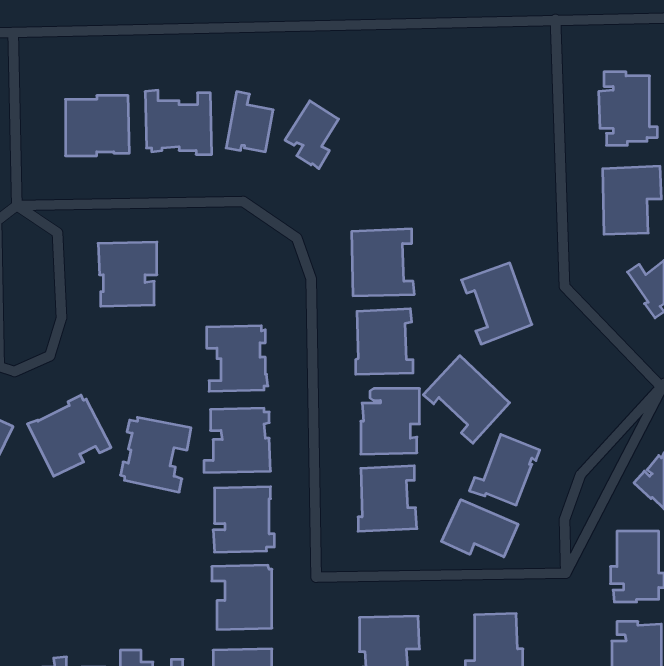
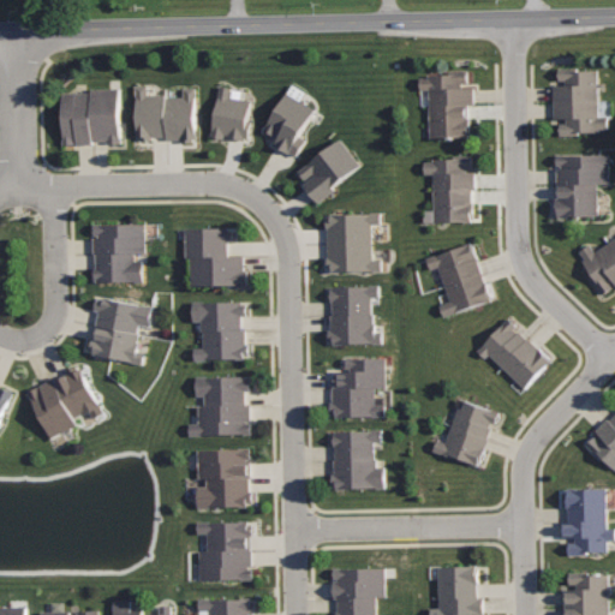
building: none -> [418,72,471,138]
building: none -> [294,138,358,205]
building: none -> [423,156,472,222]
building: none -> [184,228,244,286]
building: [423,356,510,443] -> [473,317,553,398]
building: [120,417,191,492] -> [86,298,151,366]
building: [441,500,518,557] -> none

